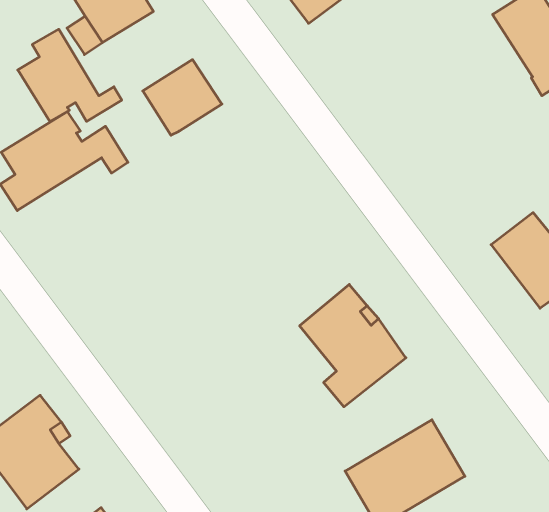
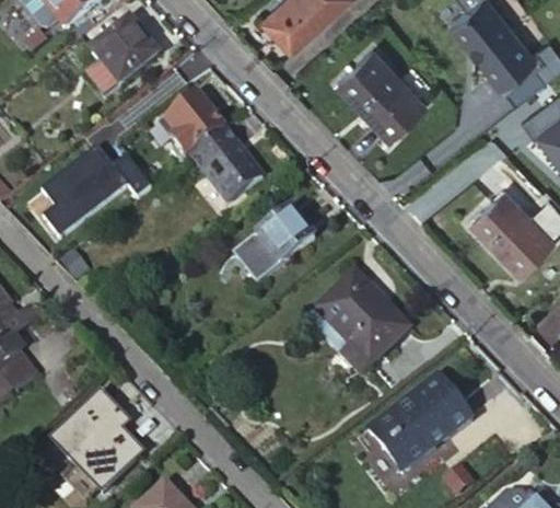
building: [18,29,122,122] -> none
building: none -> [336,46,421,131]
building: none -> [191,126,262,199]
building: none -> [234,208,312,280]

